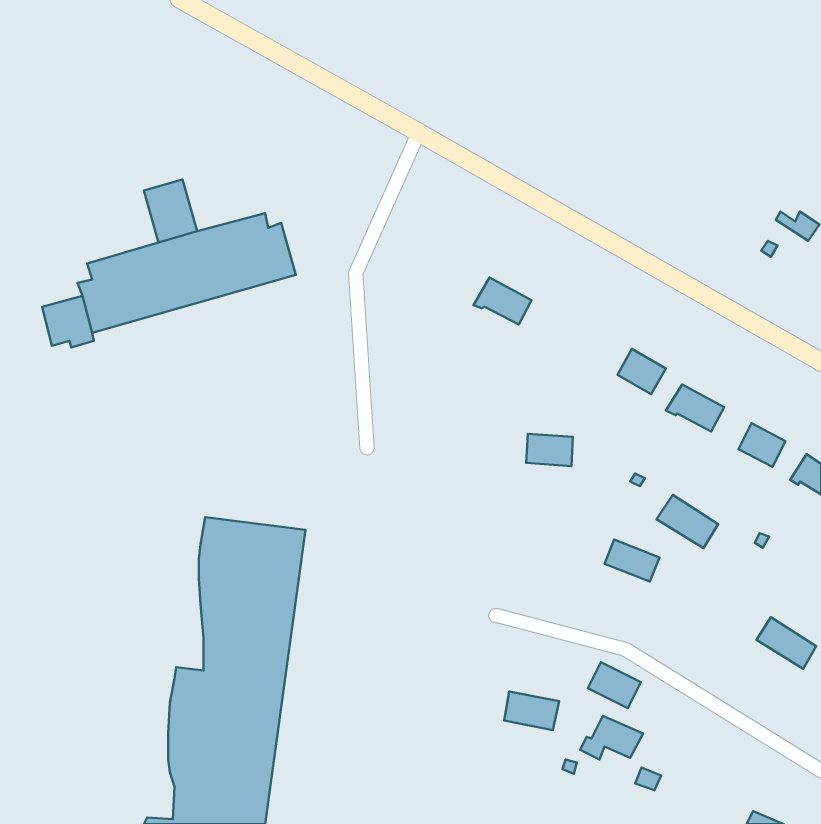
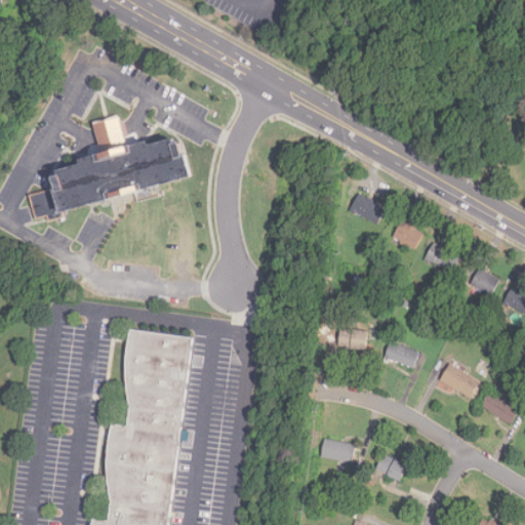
building: [473,278,532,324] -> [348,195,385,225]
building: [526,434,573,466] -> [337,330,367,351]
building: [657,495,718,548] -> [439,365,478,399]
building: [588,662,641,708] -> none

